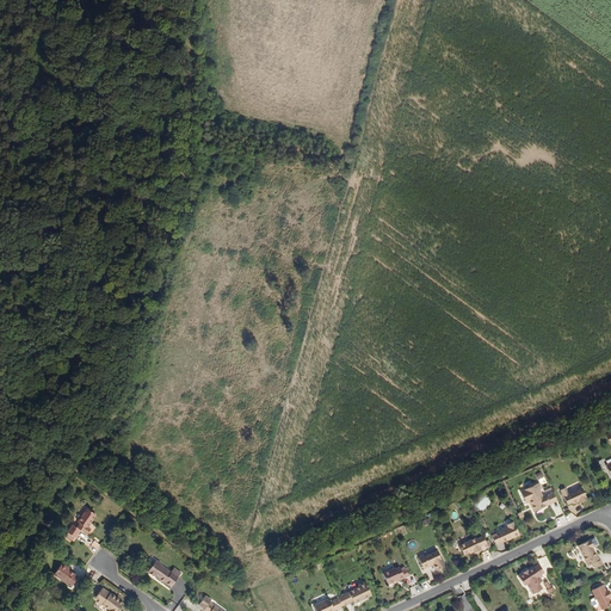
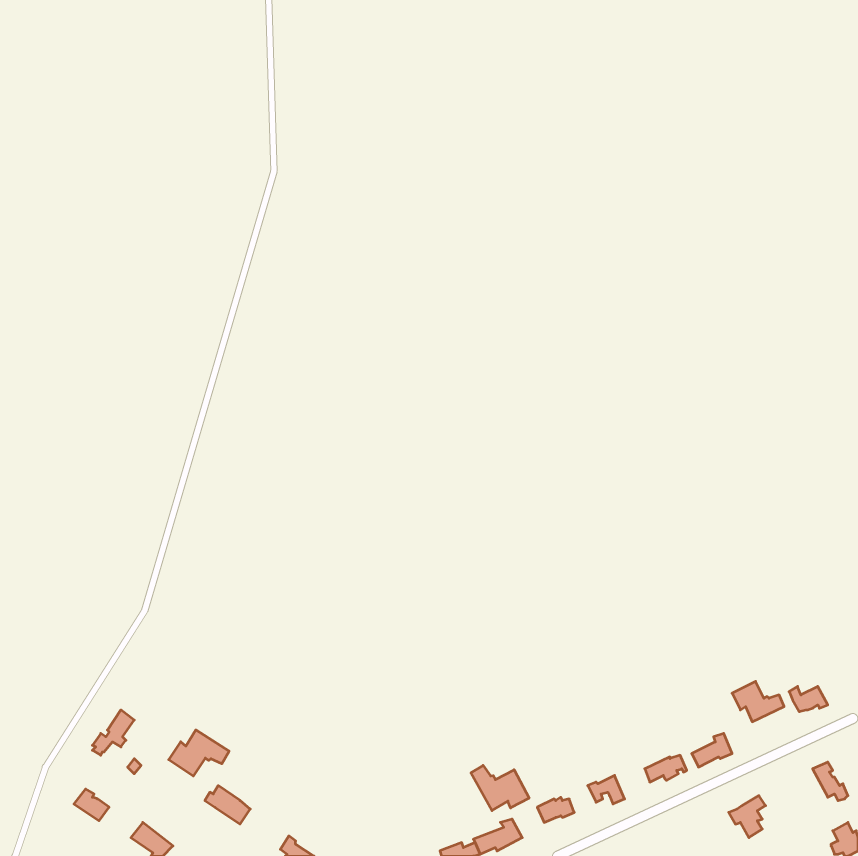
building: none -> [169,730,229,776]
building: none -> [471,765,529,811]

